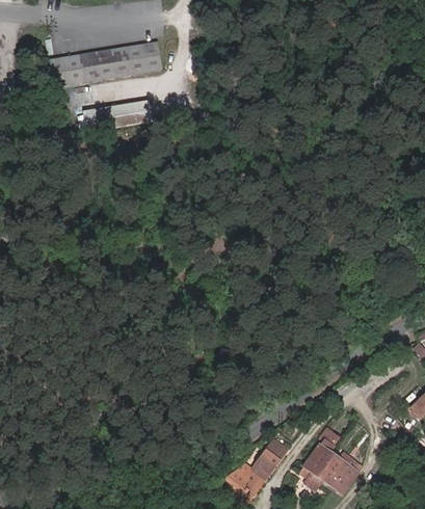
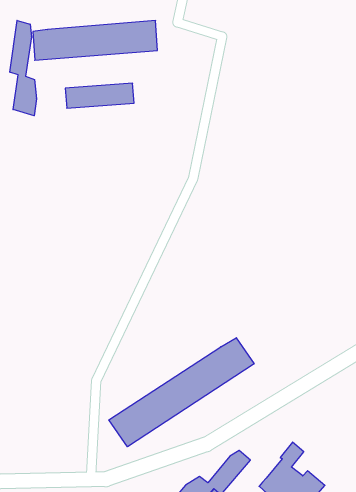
building: none -> [10,20,36,116]
building: none -> [109,338,254,447]

